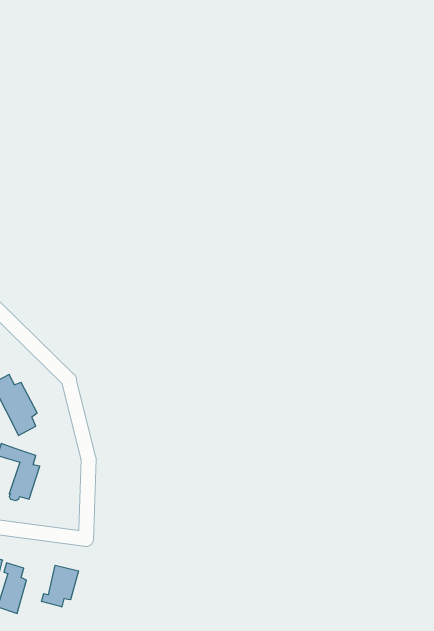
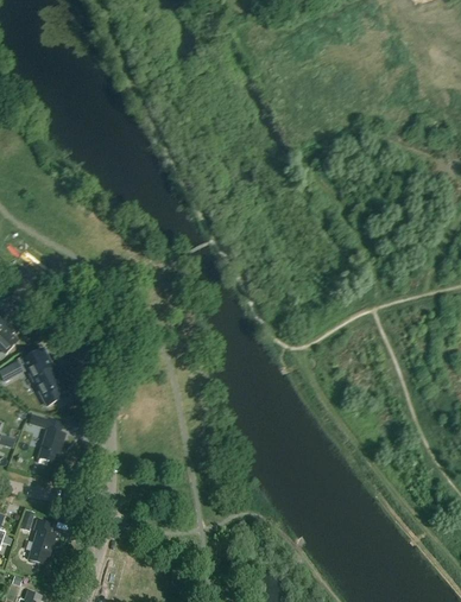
building: [42,565,79,607] -> none

